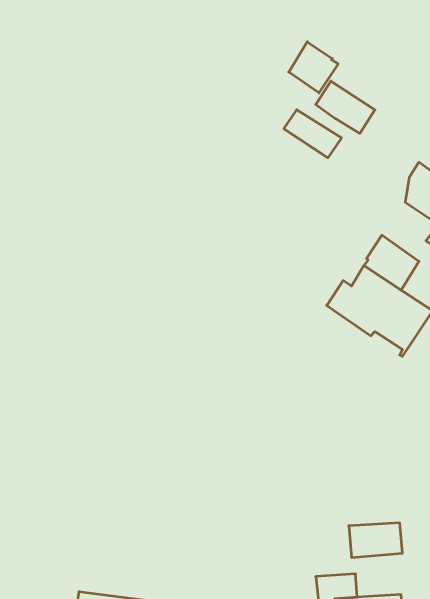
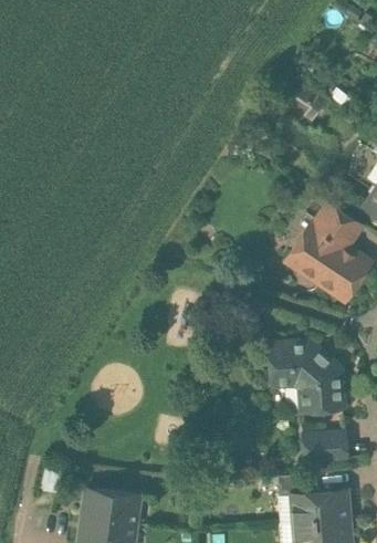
building: [289,42,338,93] -> none
building: [284,110,341,158] -> none
building: none -> [268,342,343,414]

